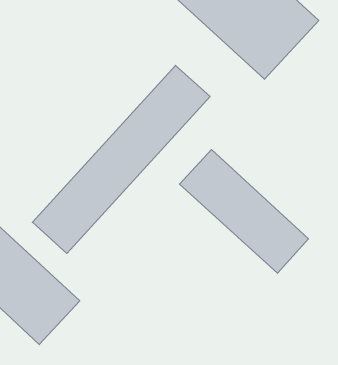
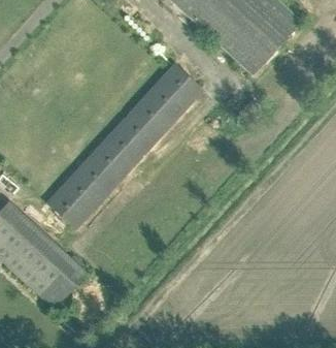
building: [179,150,308,273] -> none

